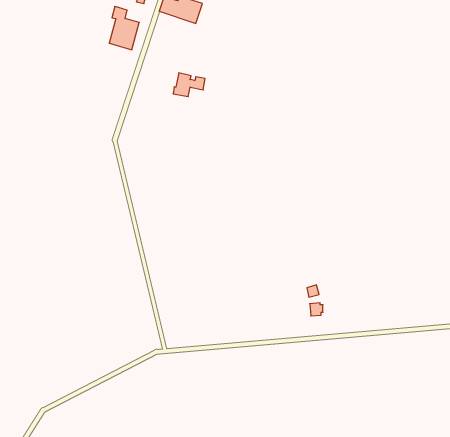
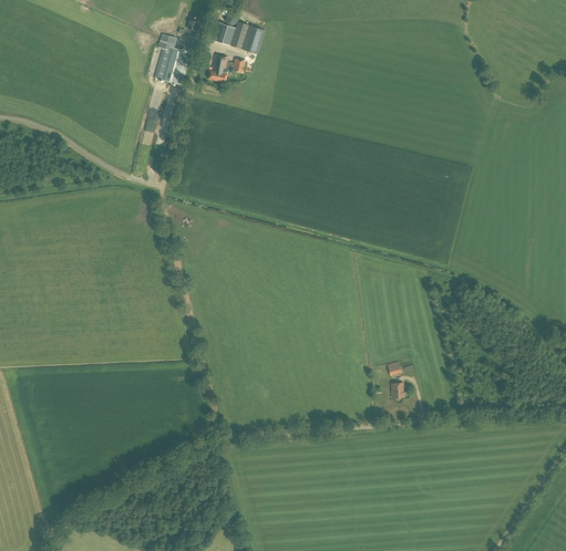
building: [173,73,205,97] -> [207,53,245,81]

